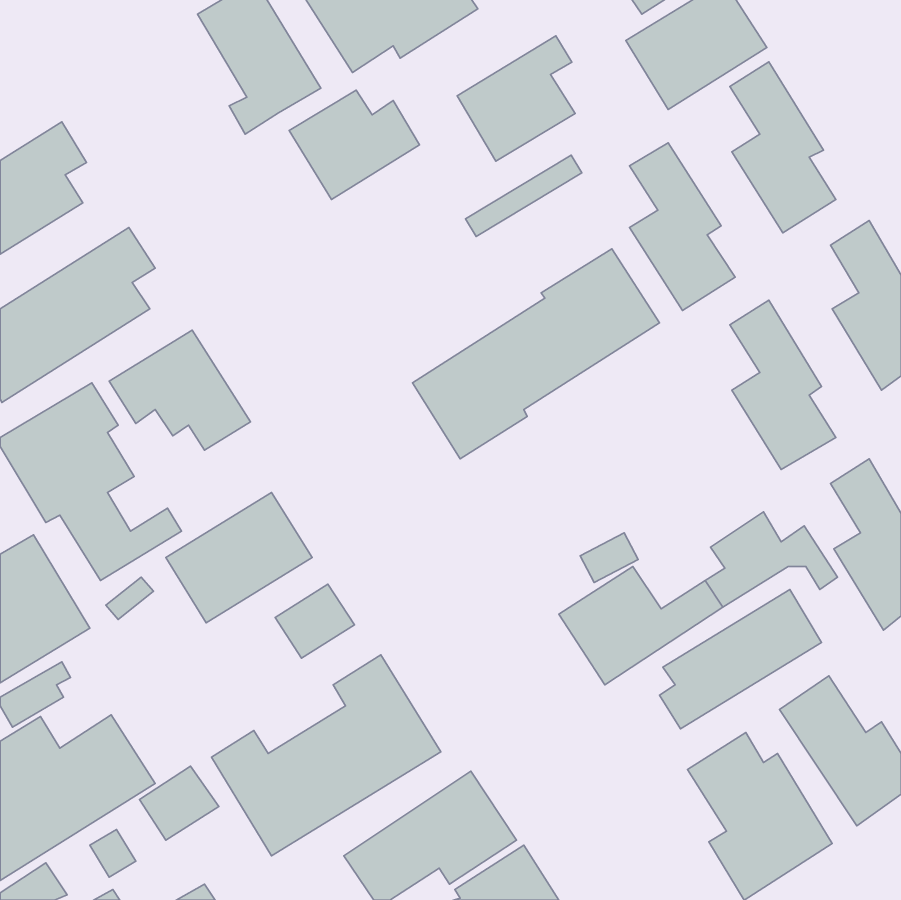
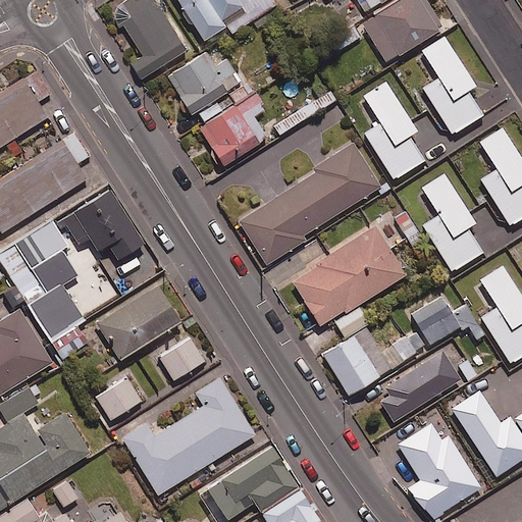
building: [457,36,575,161] -> [200,94,268,166]
building: none -> [292,226,407,326]
building: [139,766,219,840] -> [96,377,142,420]

